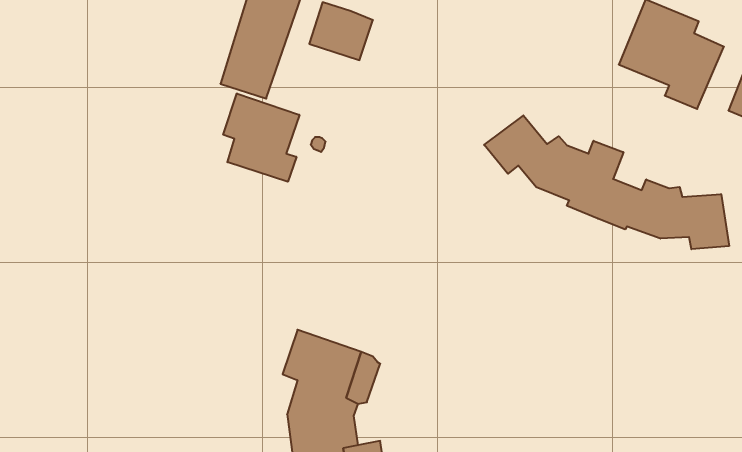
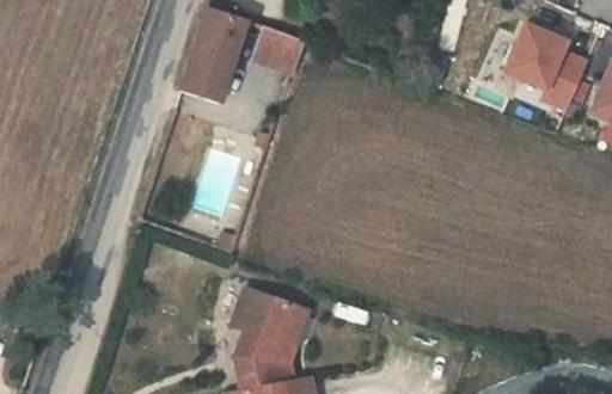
building: [223,93,299,182] -> none
building: [484,115,729,249] -> none

